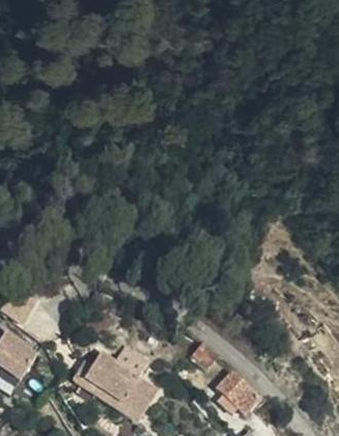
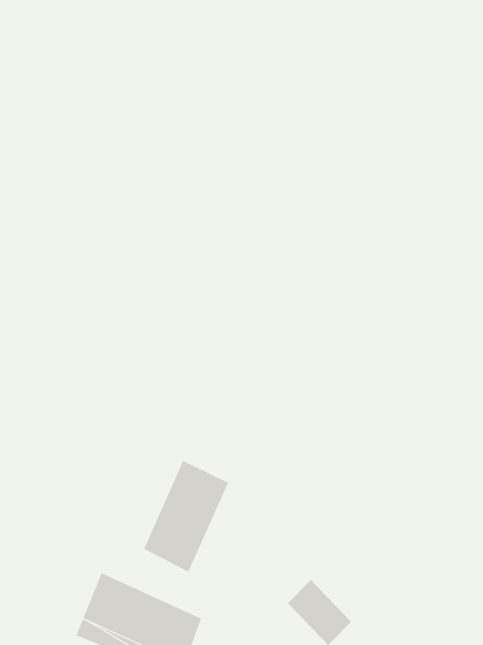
building: none -> [144,460,229,573]

